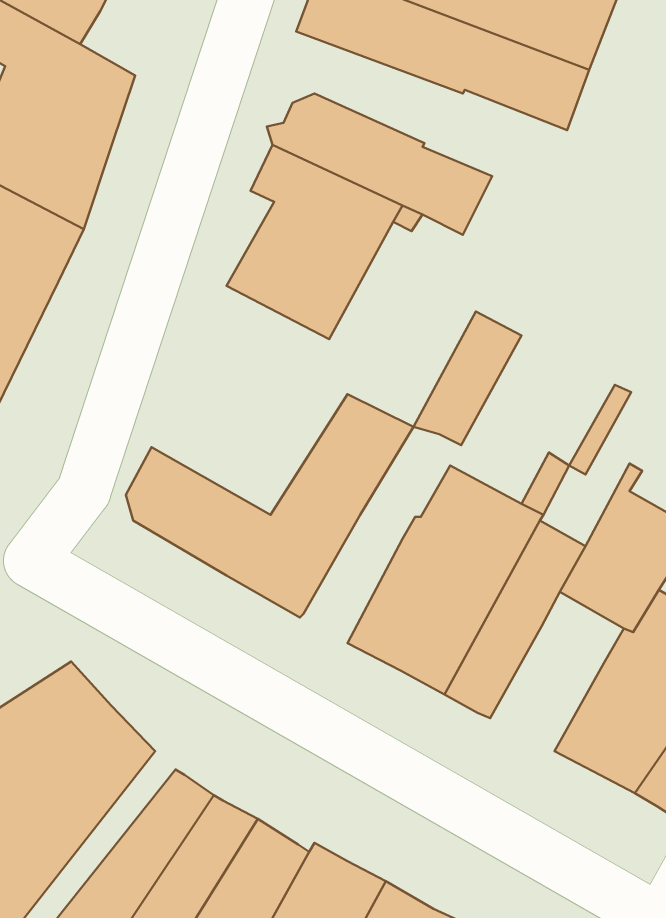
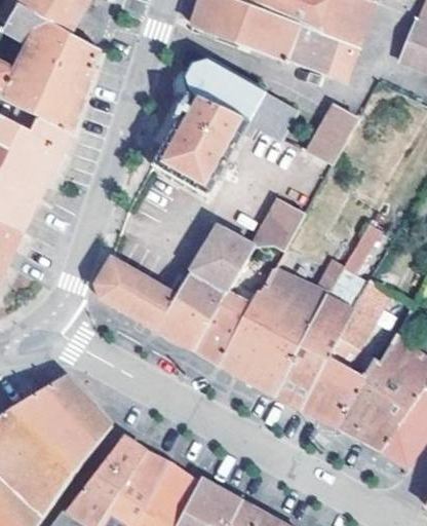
building: none -> [309,102,359,161]
building: none -> [194,294,249,366]
building: none -> [299,356,362,426]

